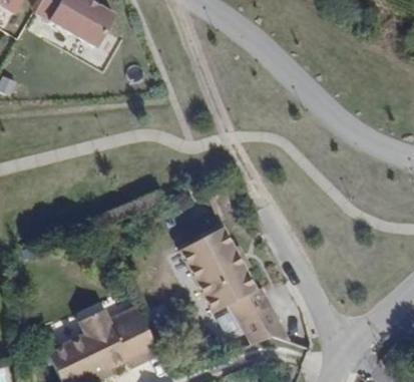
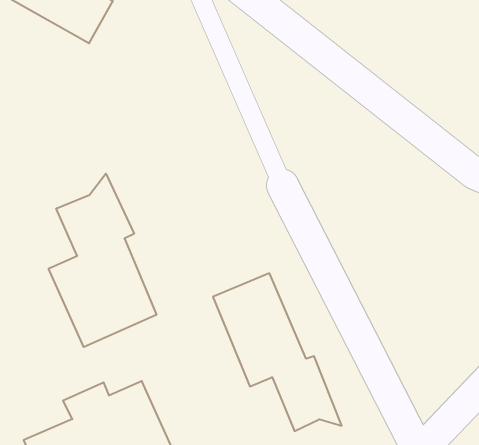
building: none -> [49,174,156,347]

